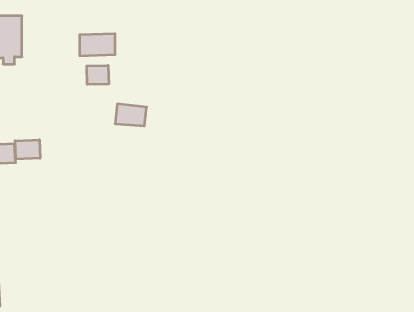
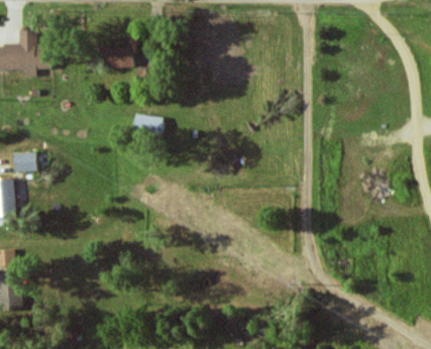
building: [87,65,109,84] -> none
building: [15,140,40,159] -> none

